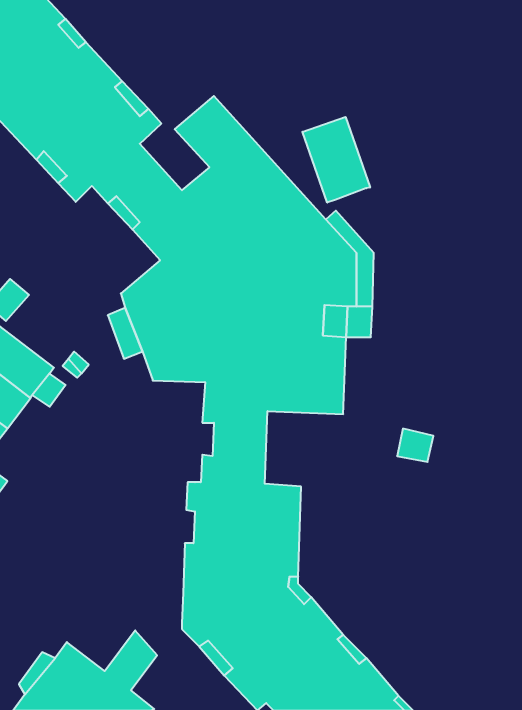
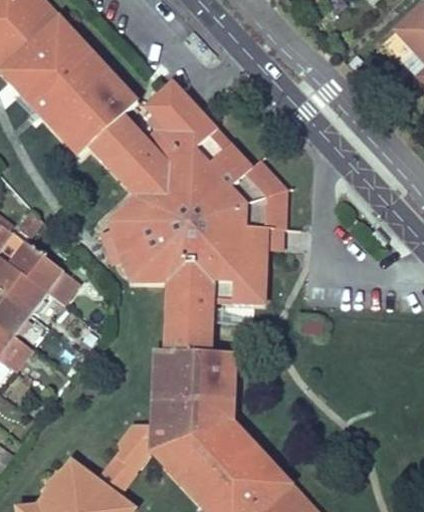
building: [302,117,370,203] -> none
building: none -> [121,428,154,471]

